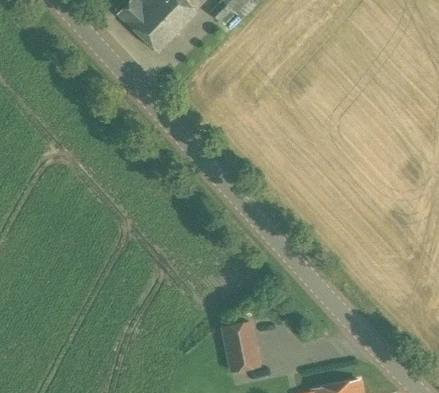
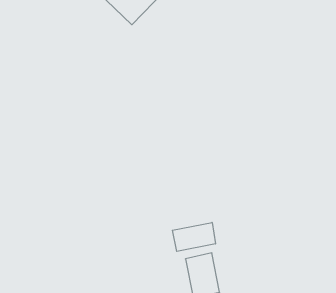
building: none -> [172,222,215,251]

